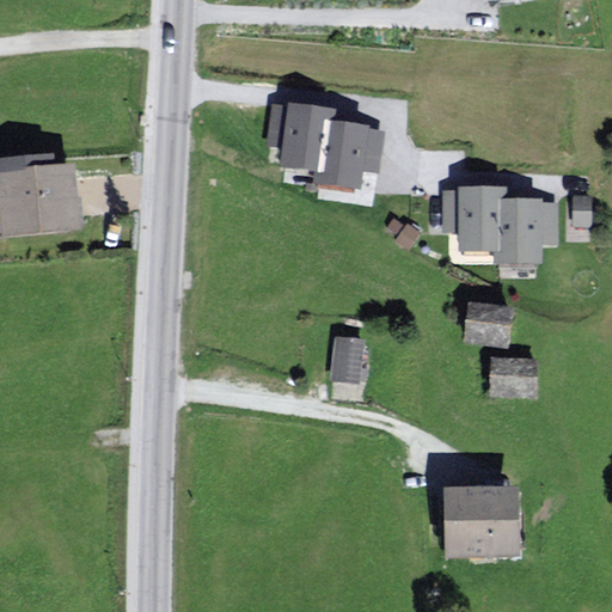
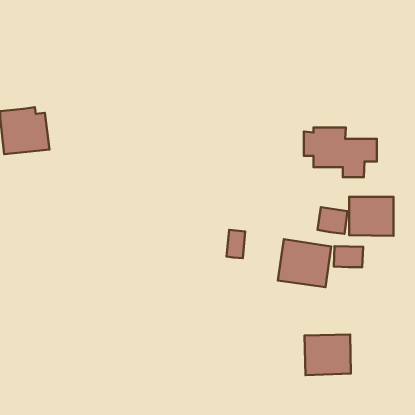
building: [273,103,379,189] -> none
building: none -> [349,197,394,236]
building: none -> [278,239,331,287]

